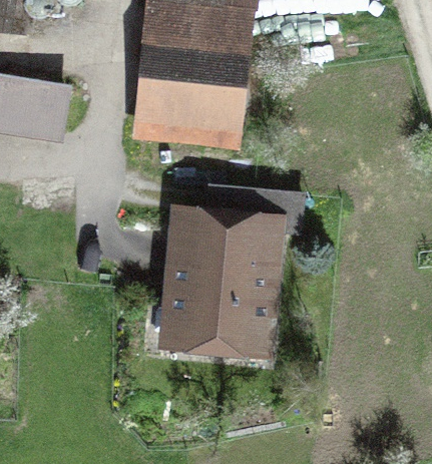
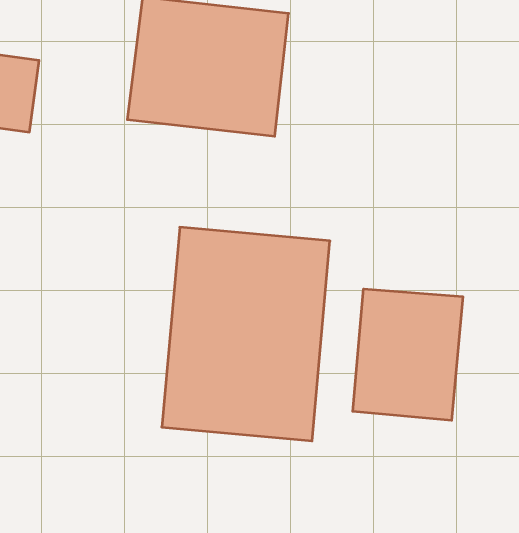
building: none -> [353,289,463,420]

